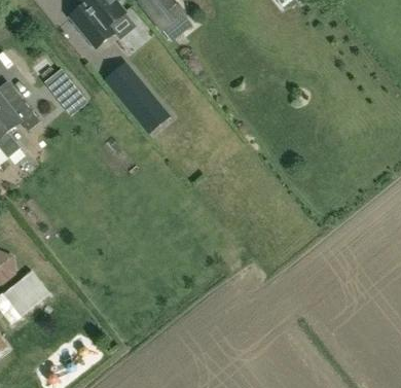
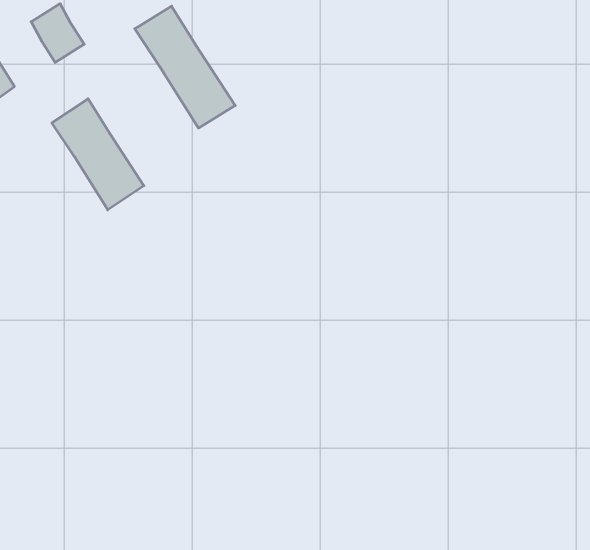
building: none -> [52,99,144,210]

